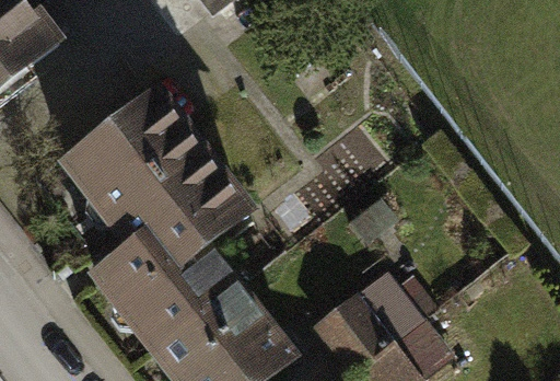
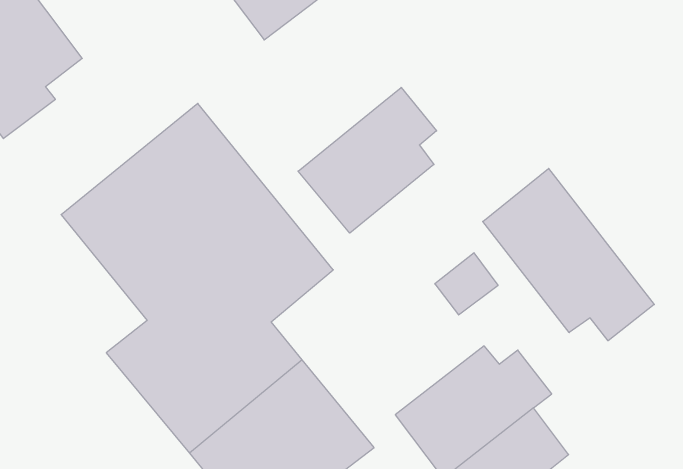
building: none -> [298,87,437,233]
building: none -> [483,168,654,341]

